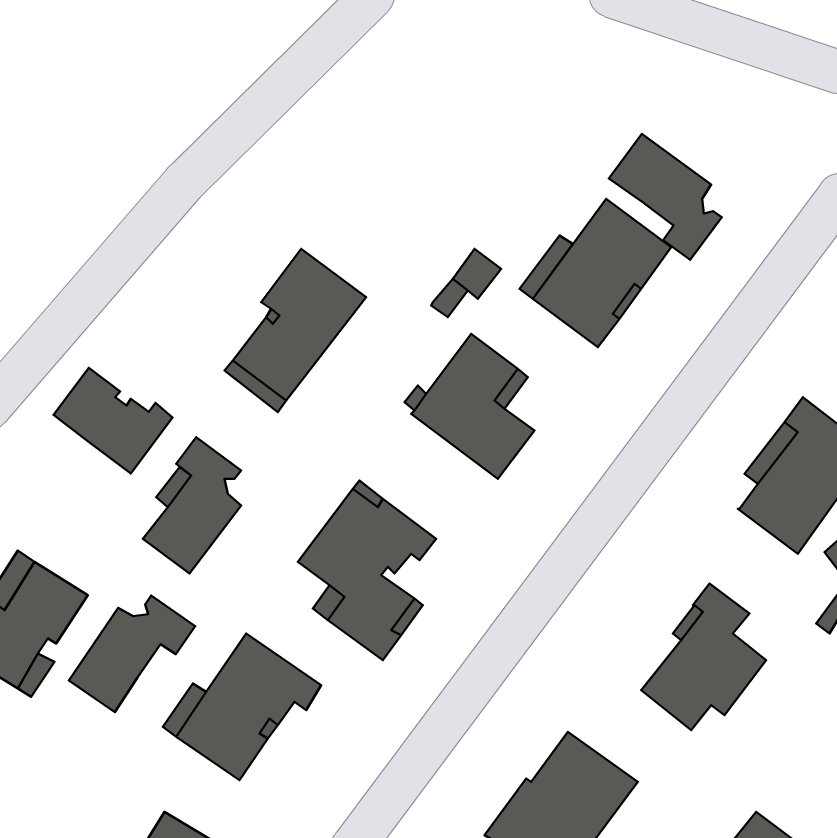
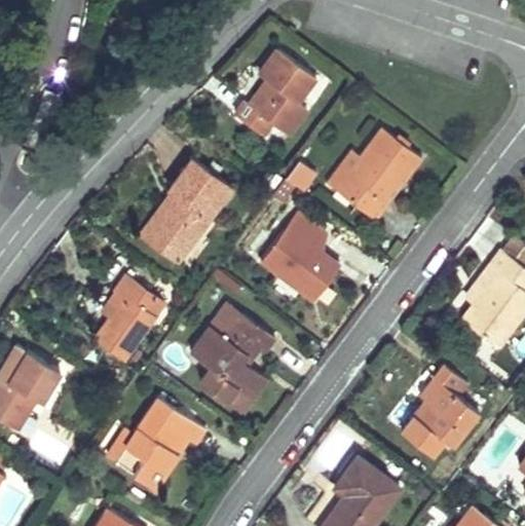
building: none -> [235,50,315,137]
building: [609,134,722,260] -> none
building: [54,368,173,473] -> none
building: [69,595,195,712] -> none

